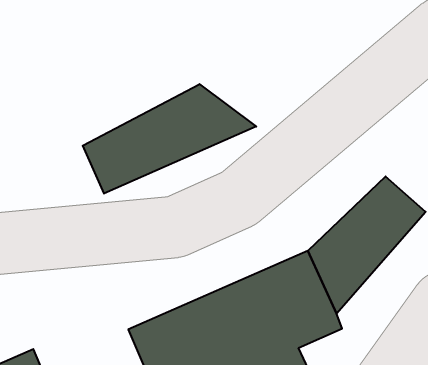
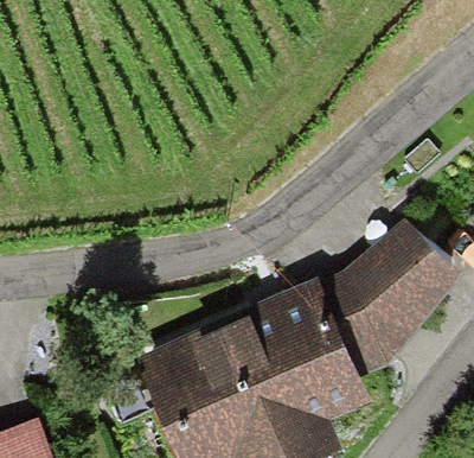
building: [83,84,256,194] -> none

